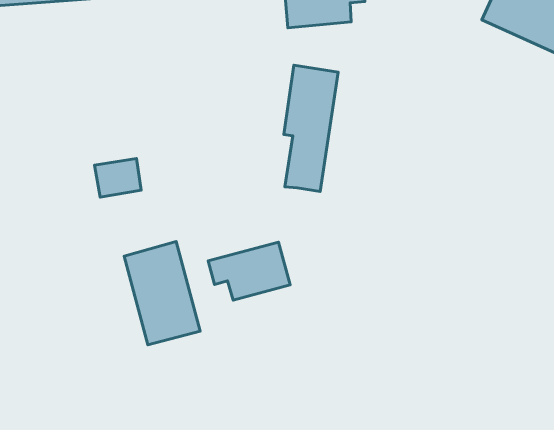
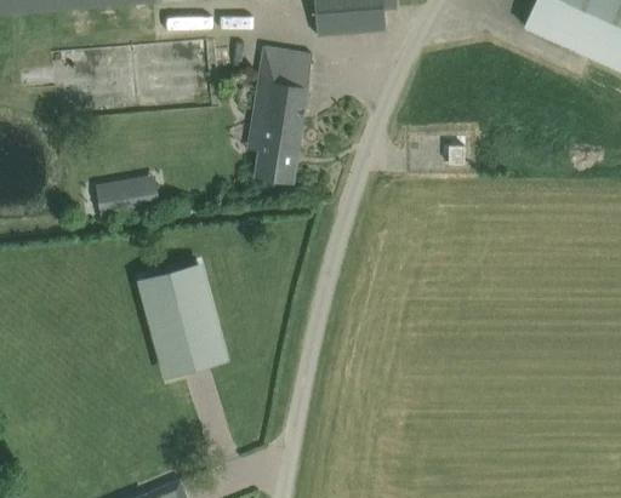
building: [284,65,338,191] -> [253,48,312,183]
building: [208,242,290,300] -> none

